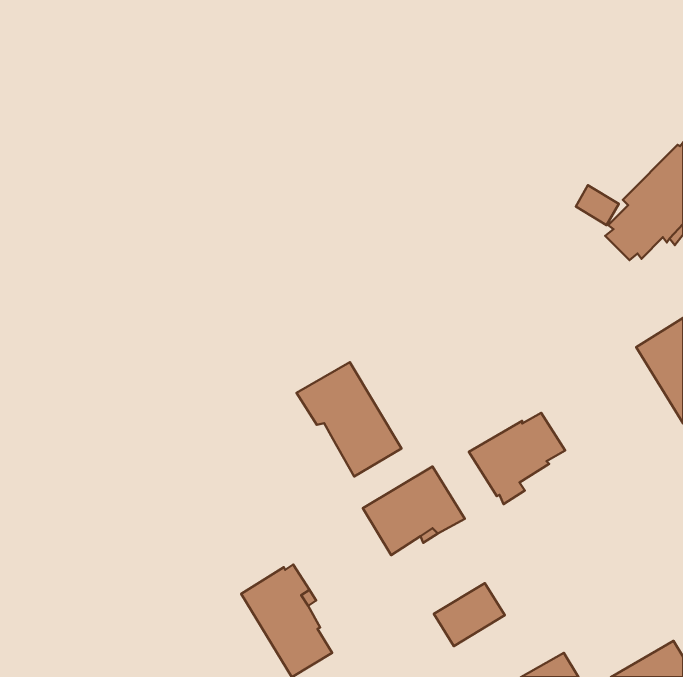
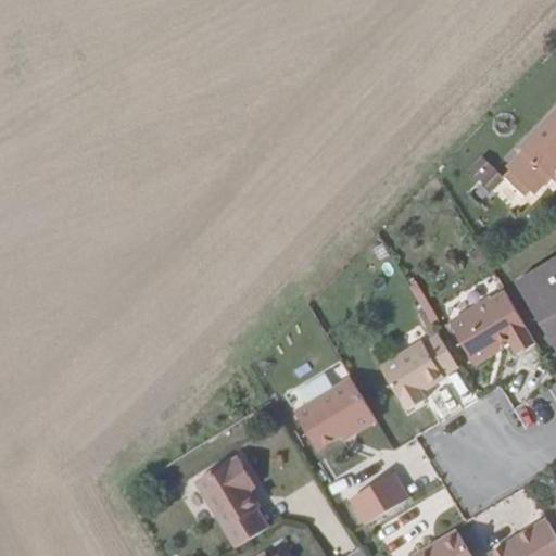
building: none -> [451,291,528,364]
building: [296,362,402,477] -> none

